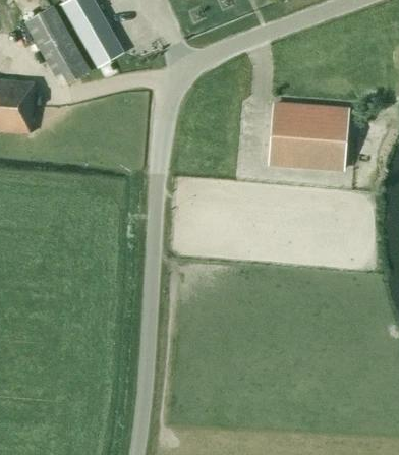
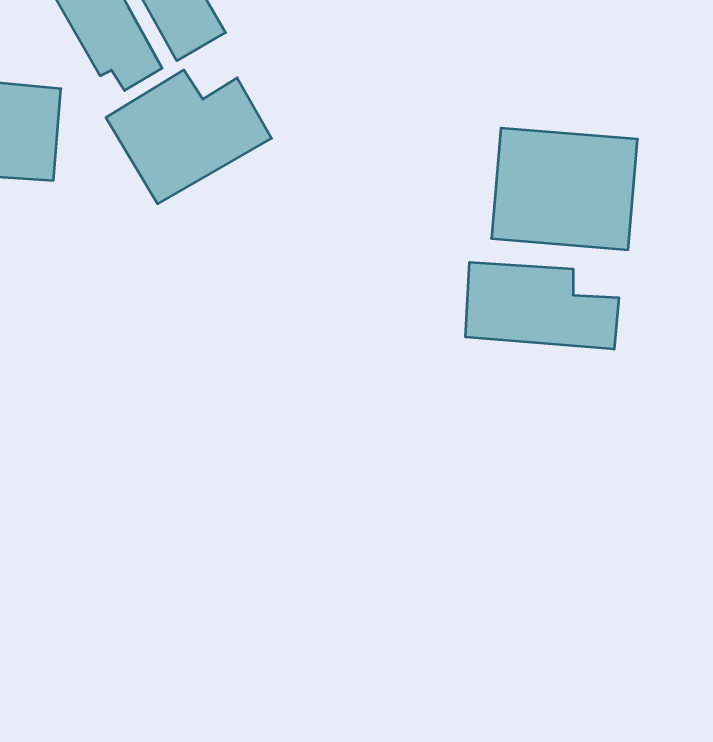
building: none -> [106,70,272,204]
building: none -> [466,262,619,349]

